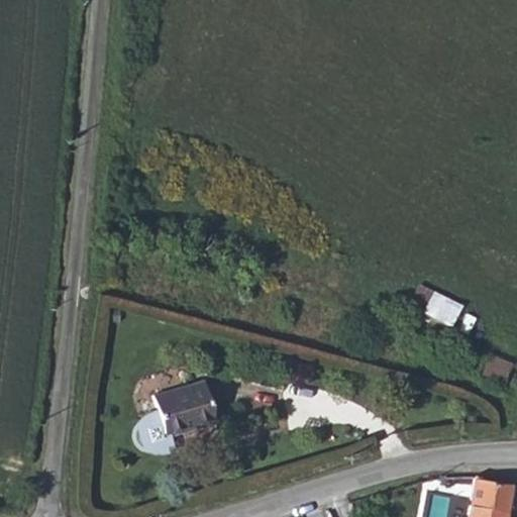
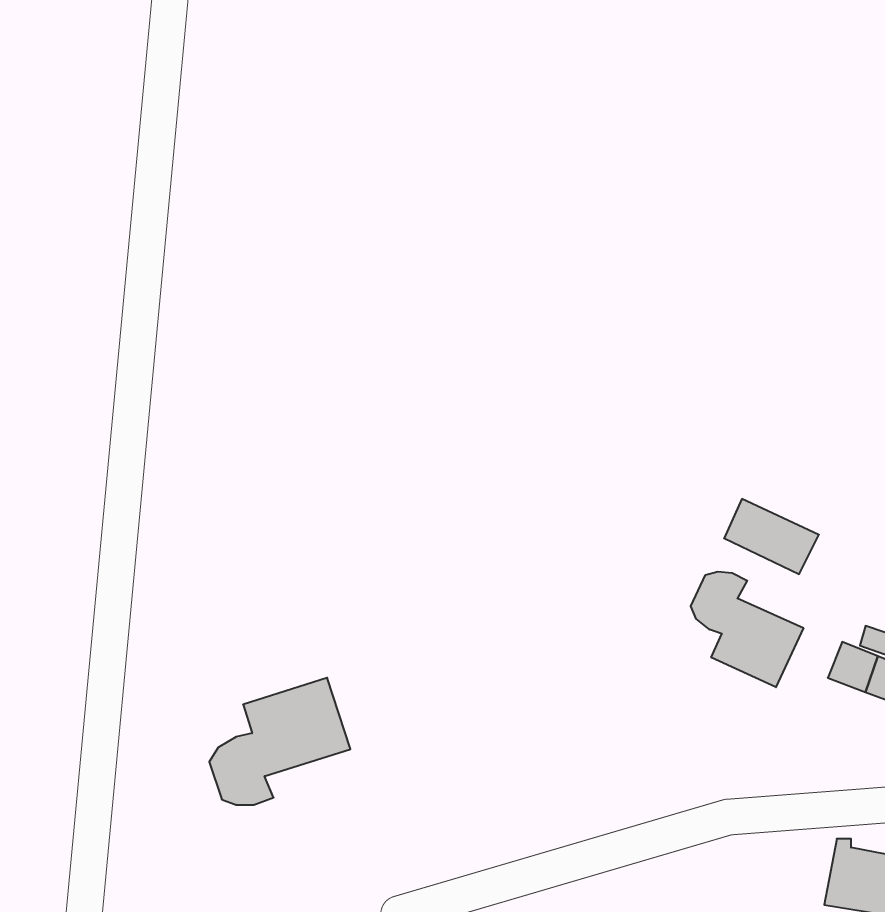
building: none -> [691,572,803,687]

